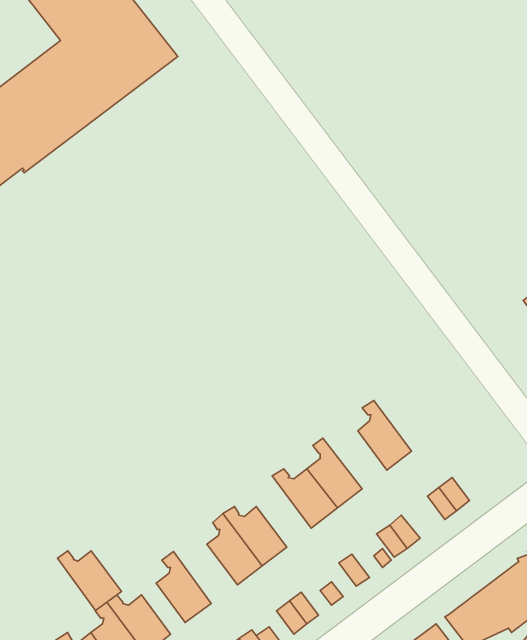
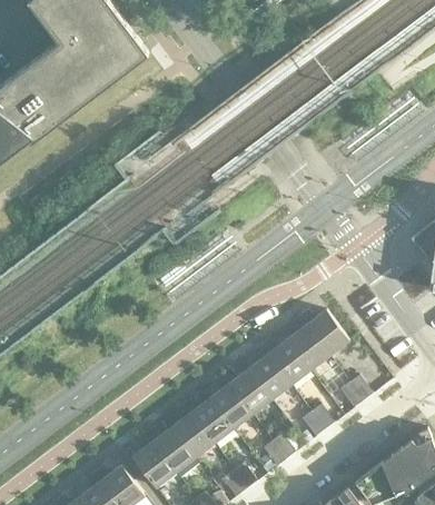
building: none -> [299,310,349,356]
building: none -> [260,339,309,385]
building: none -> [209,375,251,429]
building: [58,551,121,610] -> [146,427,195,473]

